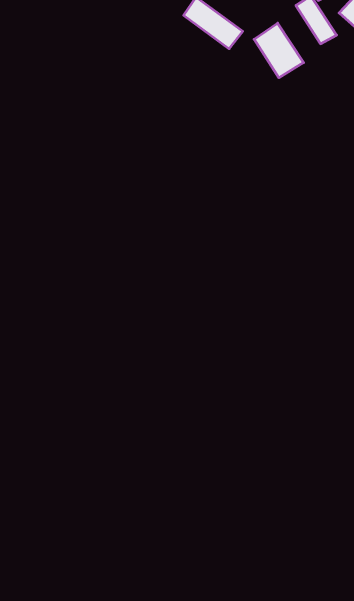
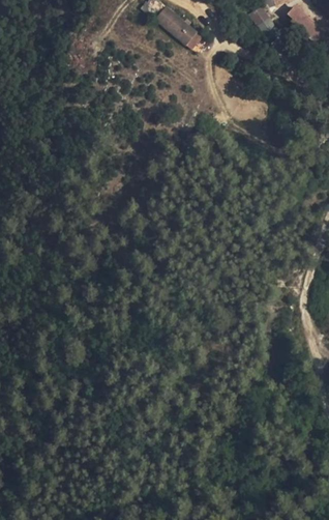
building: [254,23,304,78] -> none

